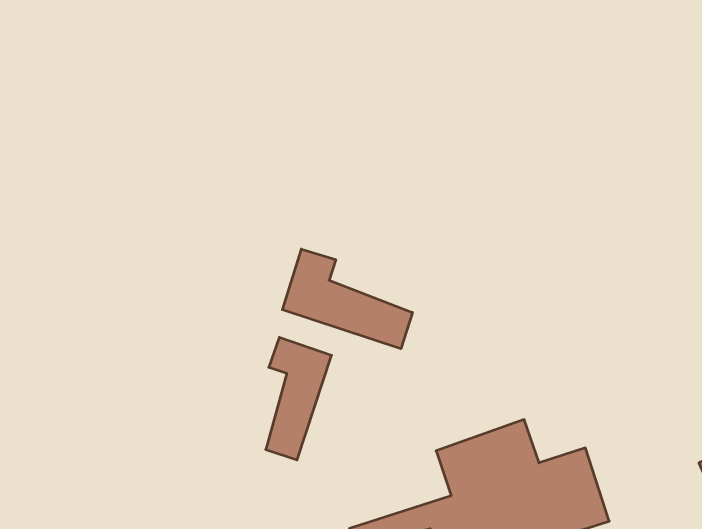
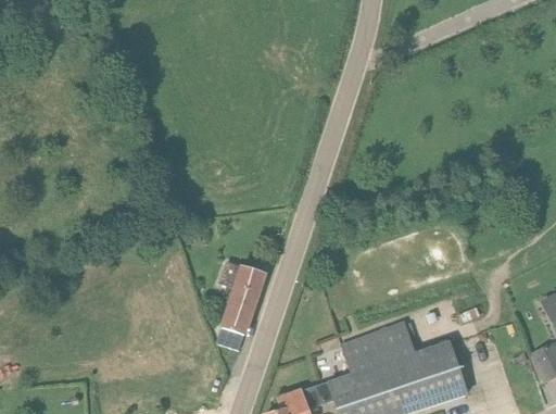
building: [282,249,412,349] -> none

